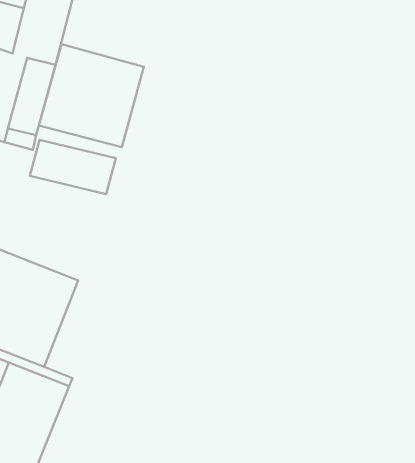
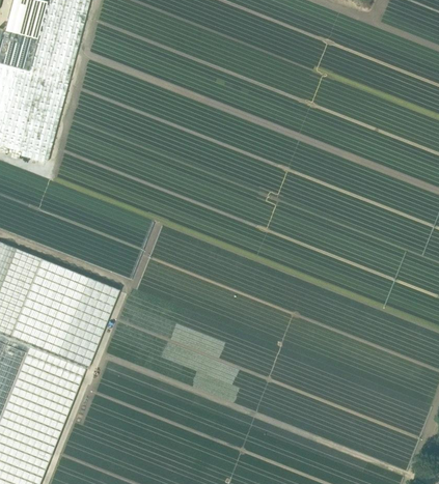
building: [39,44,144,147] -> none
building: [30,140,116,194] -> none
building: none -> [58,279,115,368]

